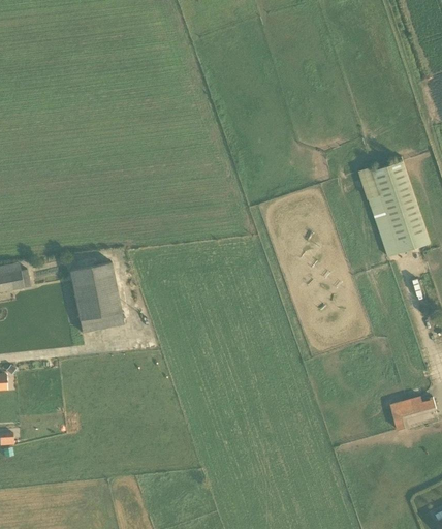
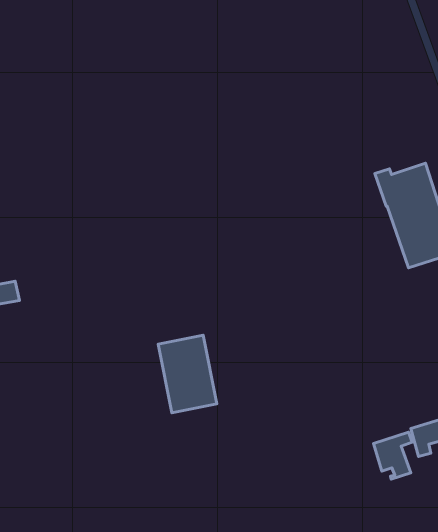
building: [69,261,123,333] -> [158,335,217,413]
building: none -> [373,432,412,479]

